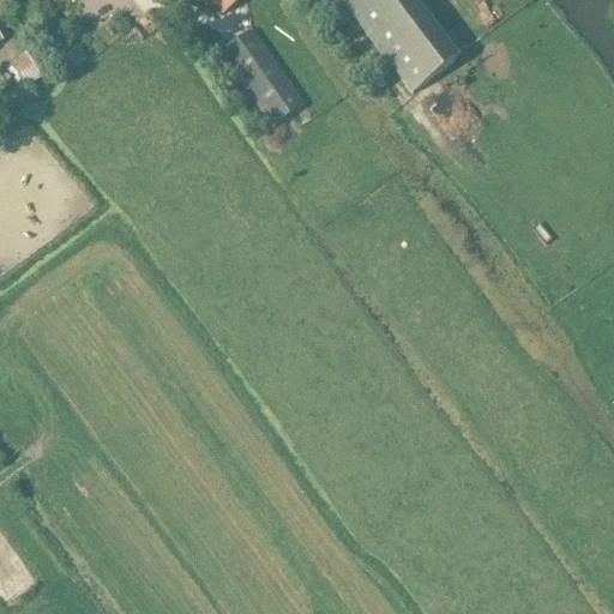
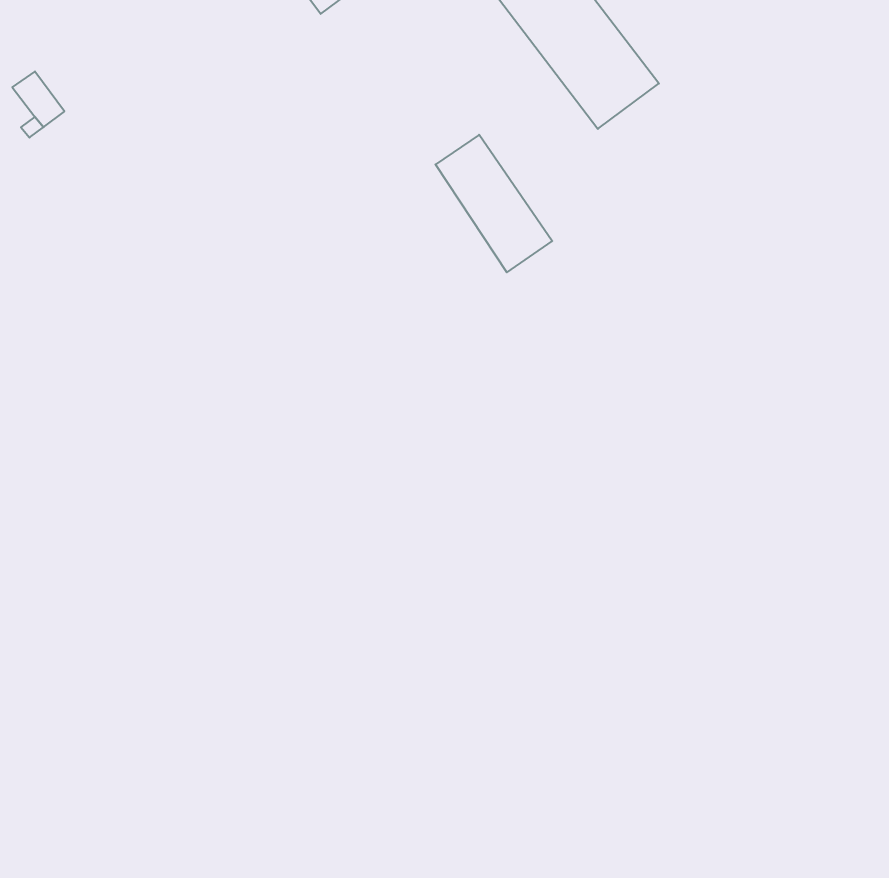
building: [223,26,303,121] -> [435,135,552,272]

